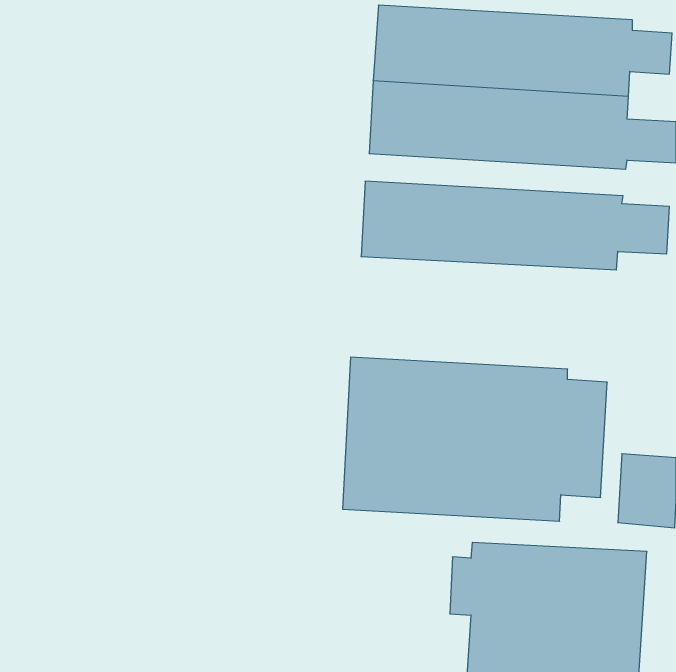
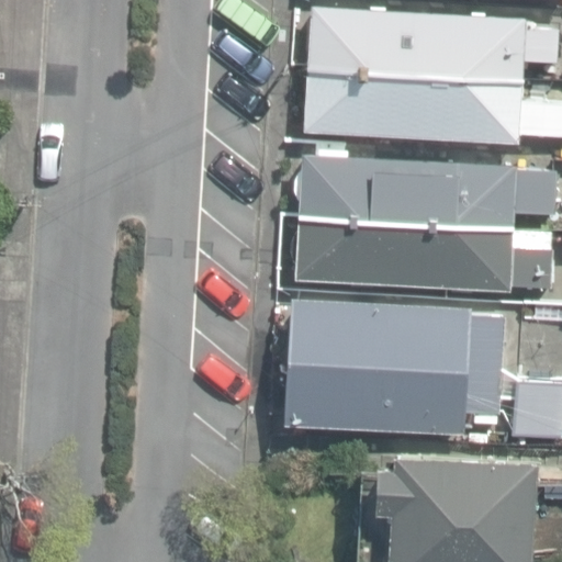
building: none -> [296,216,552,292]

